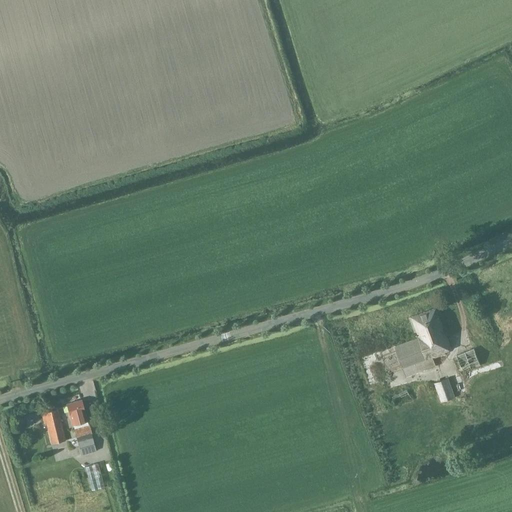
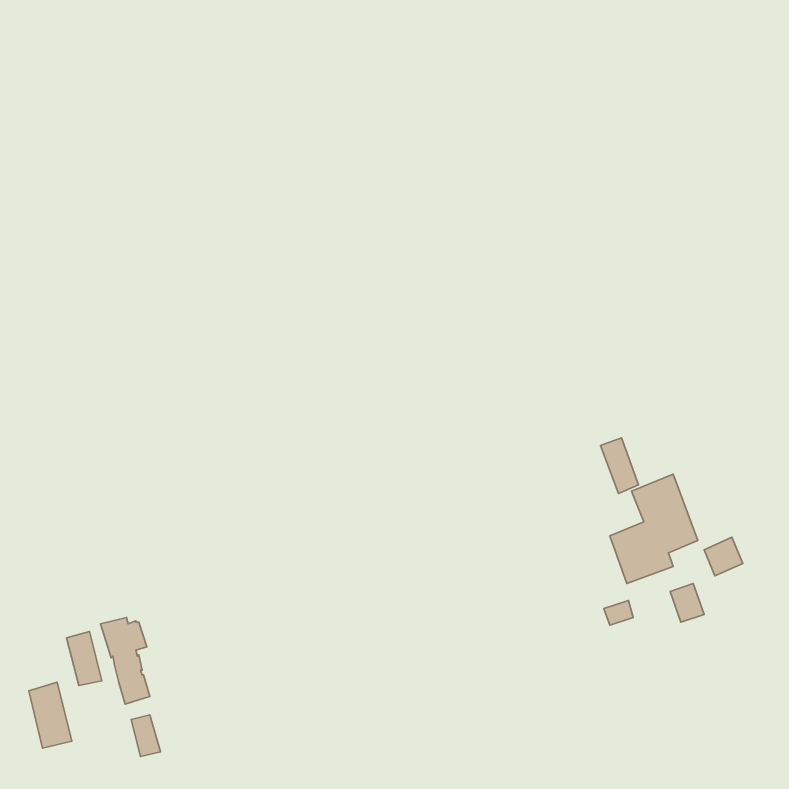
building: none -> [600,438,639,494]
building: none -> [29,682,72,748]

